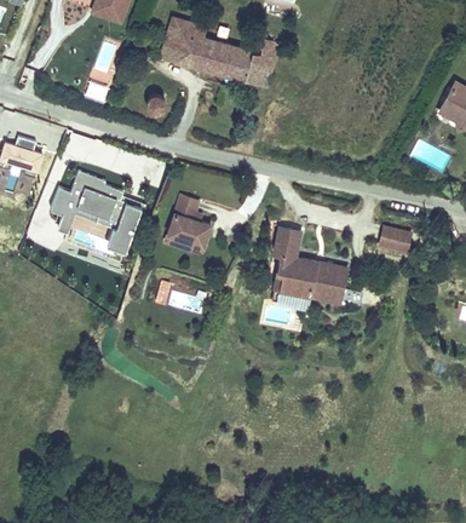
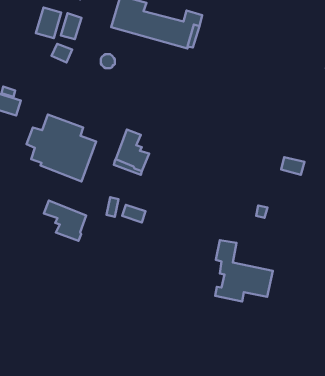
building: none -> [36,8,61,38]
building: [274,226,349,306] -> [215,240,273,302]
building: none -> [44,201,86,241]

